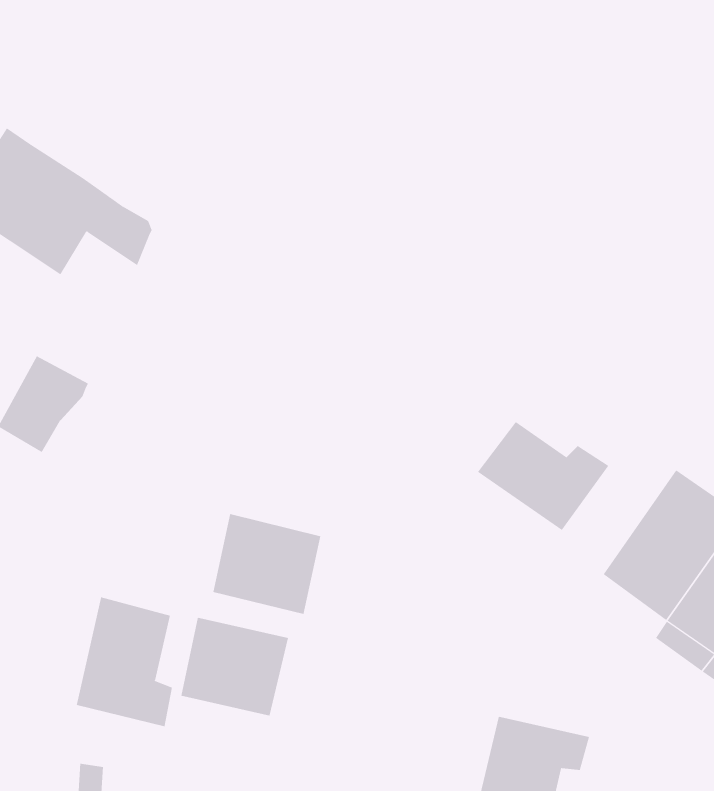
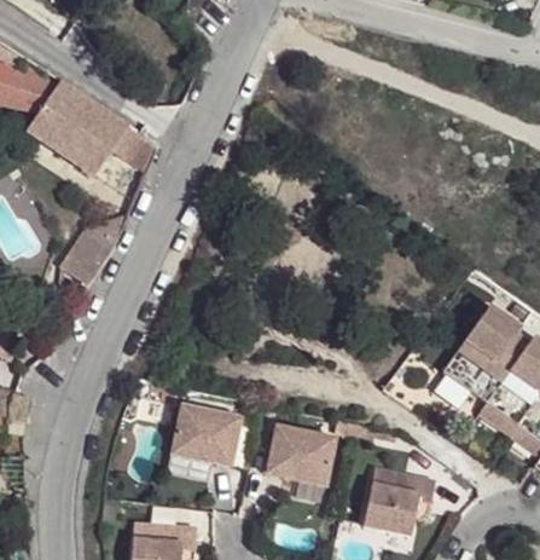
building: [477,421,609,531] -> none
building: [213,514,321,615] -> [266,421,336,486]
building: [76,597,172,727] -> none

